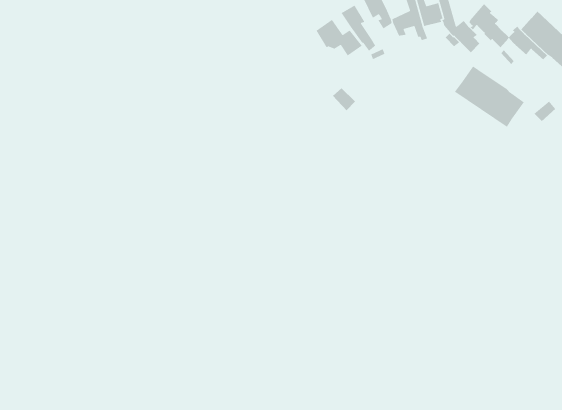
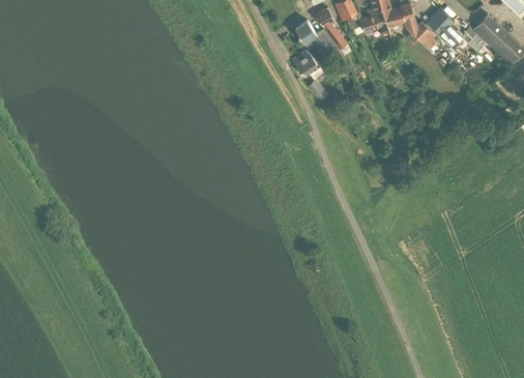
building: none -> [292,49,322,78]
building: [454,66,525,128] -> none

